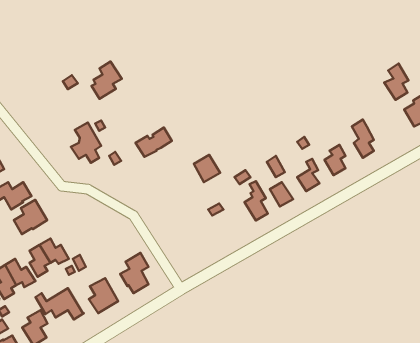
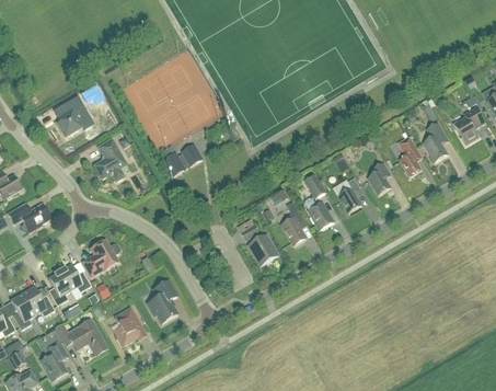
building: [91,62,122,99] -> [55,96,88,137]
building: [384,63,409,100] -> [422,122,448,161]
building: [194,155,220,182] -> [249,234,277,264]
building: [14,200,47,234] -> [81,239,117,276]

